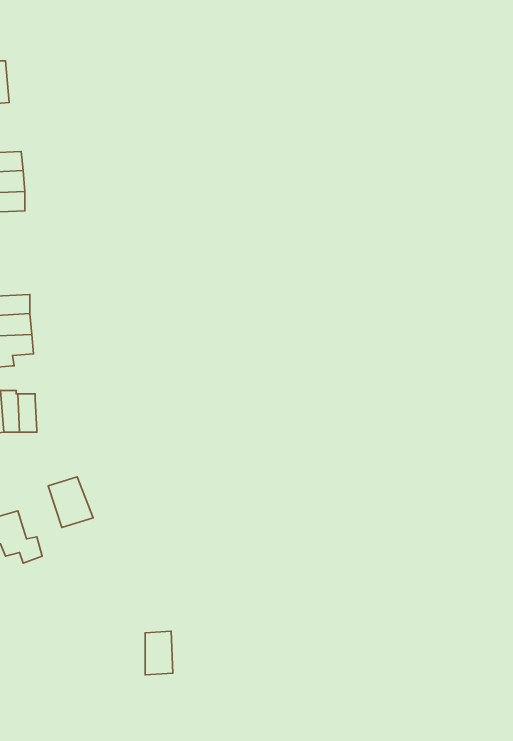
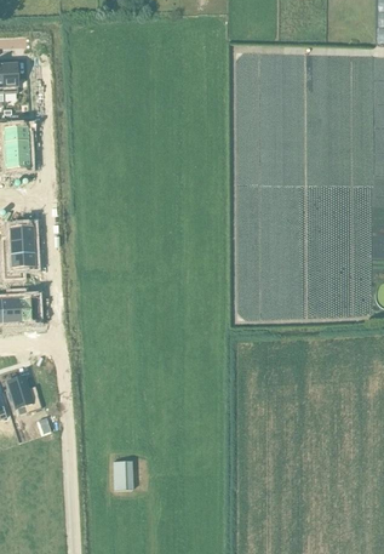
building: [48,477,93,527] -> none

